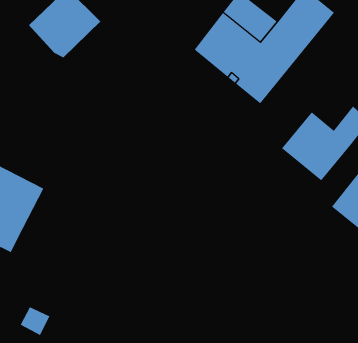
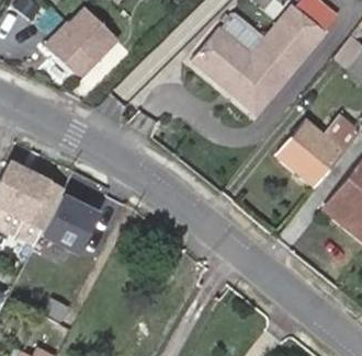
building: none -> [41,191,104,256]

